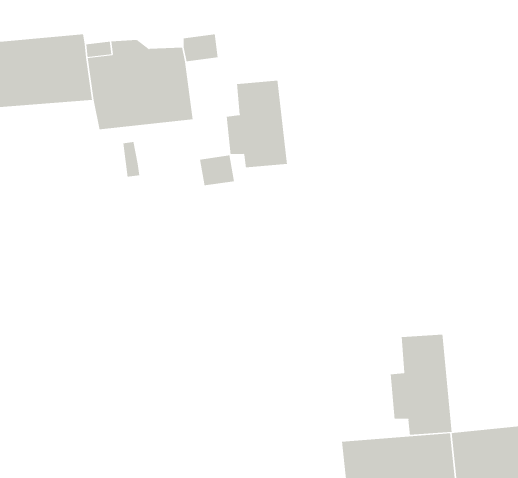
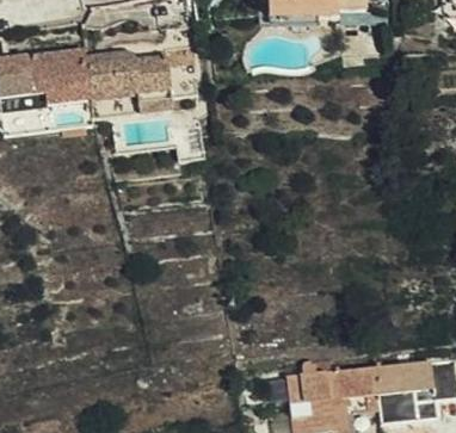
building: [226,80,288,168] -> none
building: [390,334,452,436] -> none

